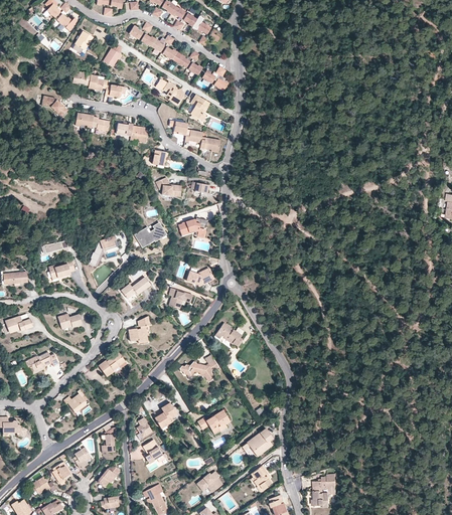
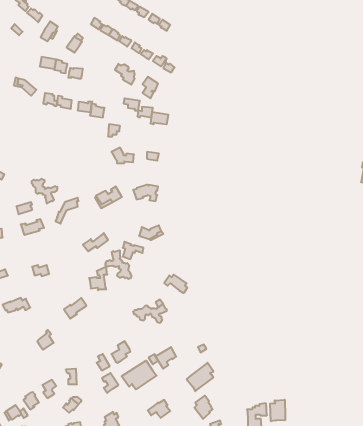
building: none -> [32,179,57,204]
building: none -> [105,250,131,279]
building: none -> [122,361,157,389]
building: none -> [270,400,285,421]

